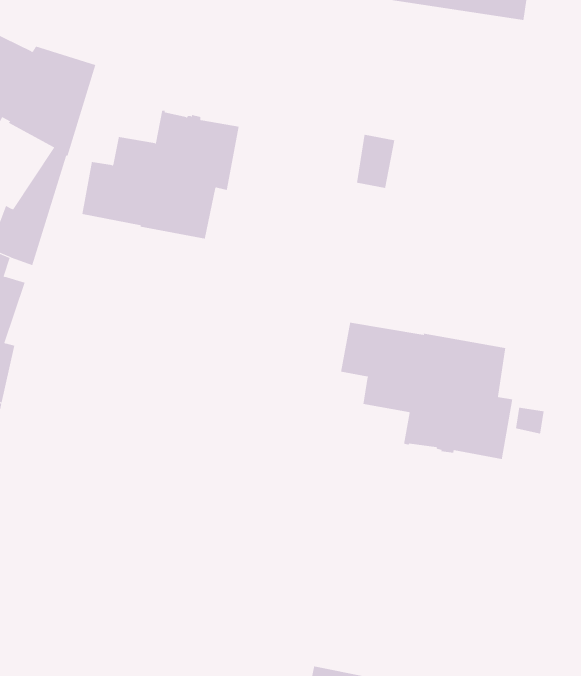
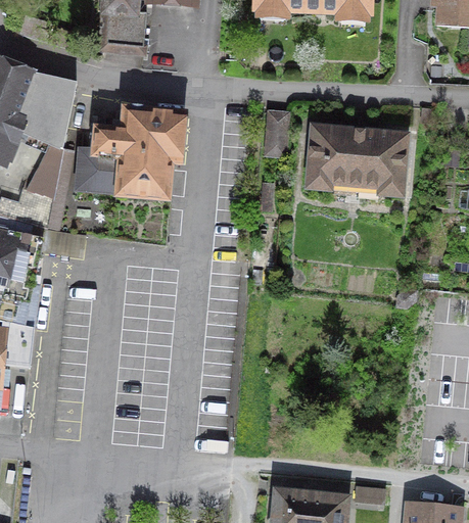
building: none -> [300,123,408,196]
building: [341,322,513,460] -> none

